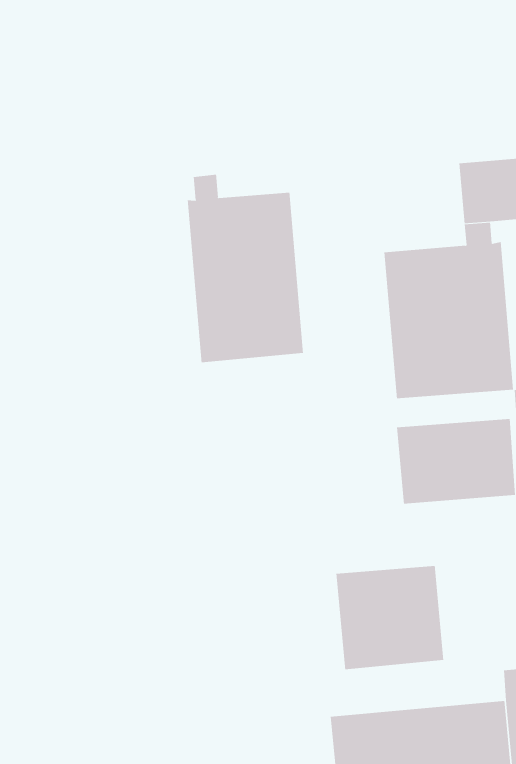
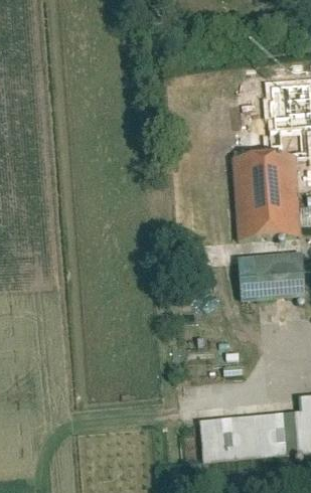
building: [187,174,303,363] -> none
building: [336,565,444,670] -> none

